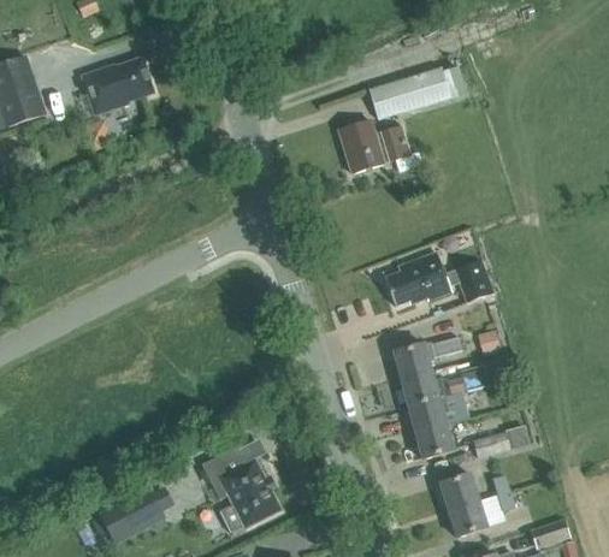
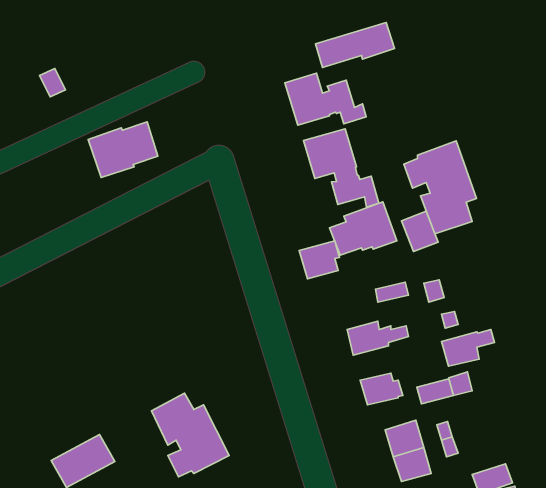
building: [82,58,153,114] -> [88,122,158,177]
building: none -> [303,129,379,207]
building: none -> [404,141,477,234]
building: [394,343,434,381] -> [299,241,339,279]
building: [408,396,462,433] -> [441,330,494,366]

